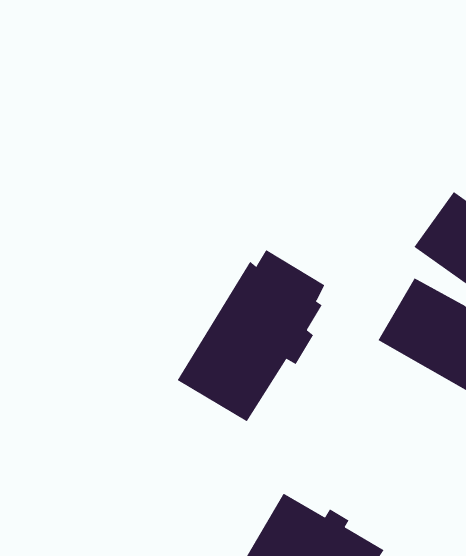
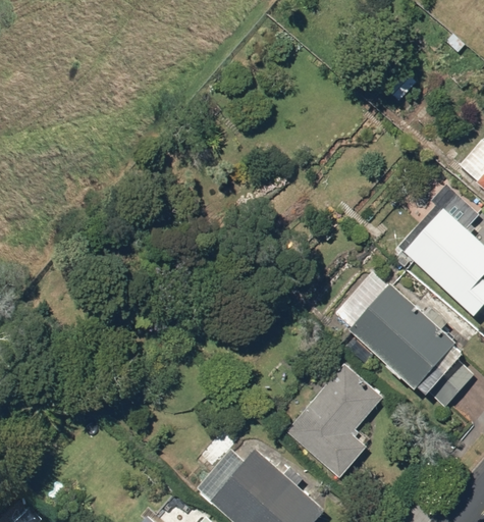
building: [177,249,325,422] -> none
building: none -> [285,364,382,478]

